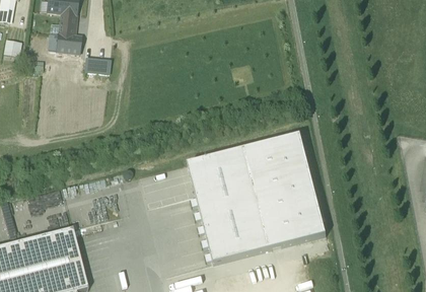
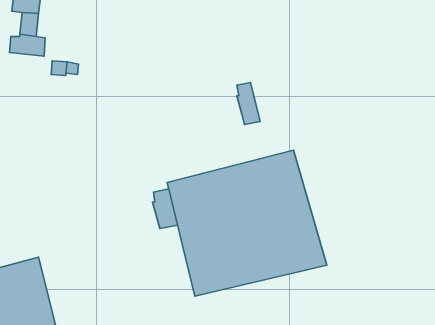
building: none -> [237,82,260,124]
building: none -> [153,189,177,229]

